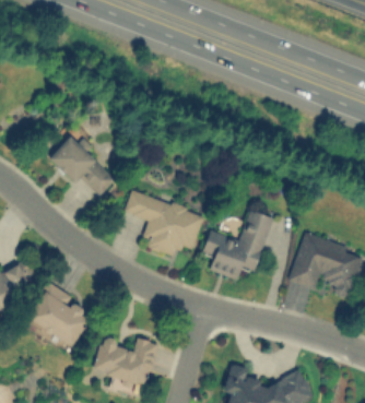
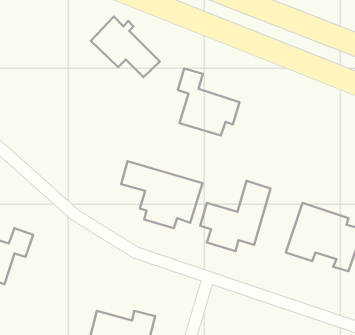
building: none -> [178,69,240,135]
building: [47,137,116,197] -> [91,17,160,77]
building: [25,283,89,348] -> none

